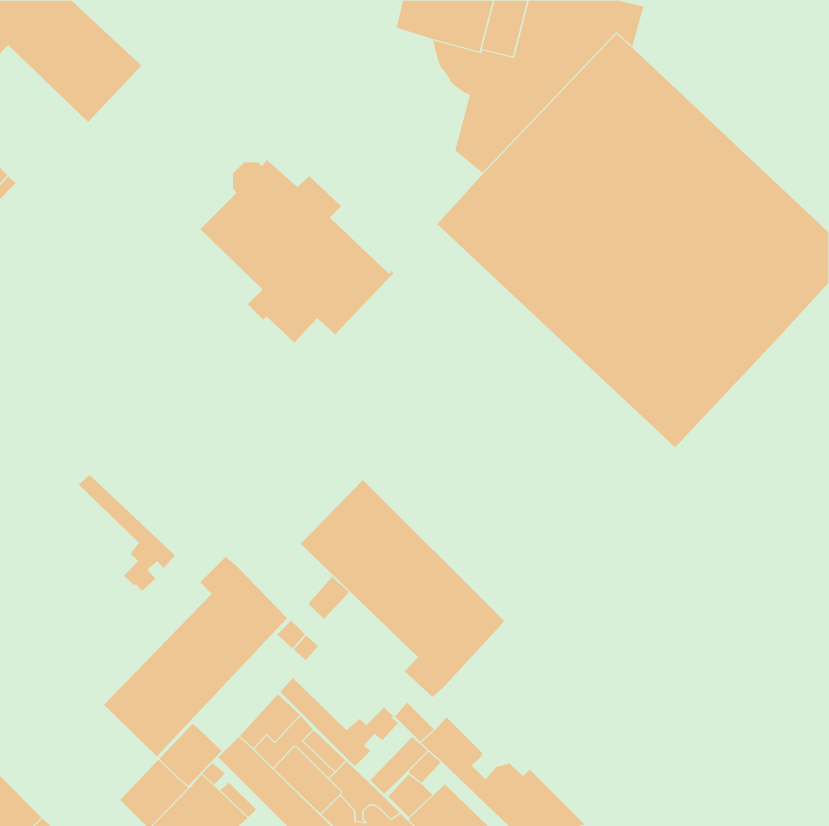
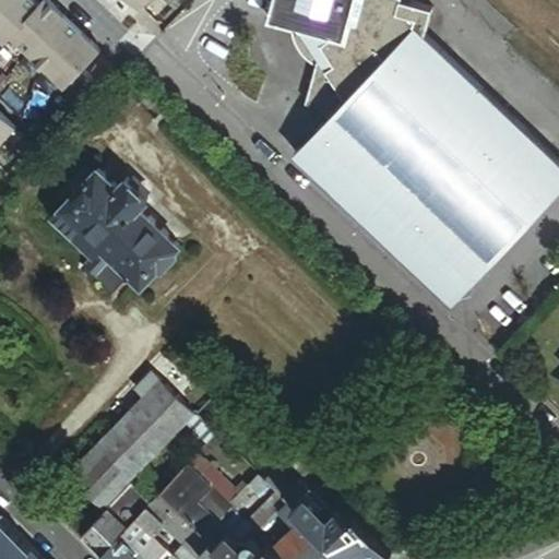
building: [200,159,394,343] -> [50,174,180,297]
building: [78,474,176,592] -> none
building: [300,479,505,698] -> none

